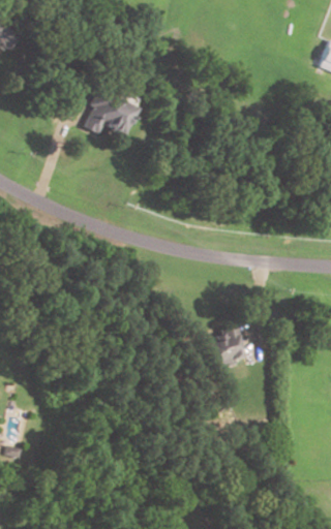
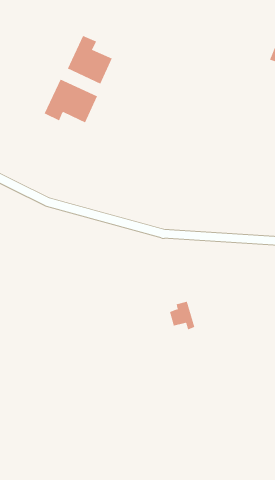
building: none -> [67,35,113,84]

